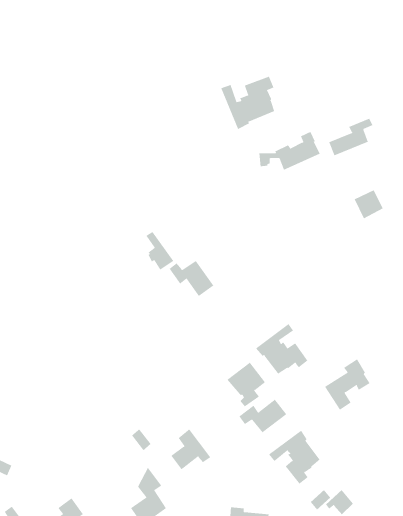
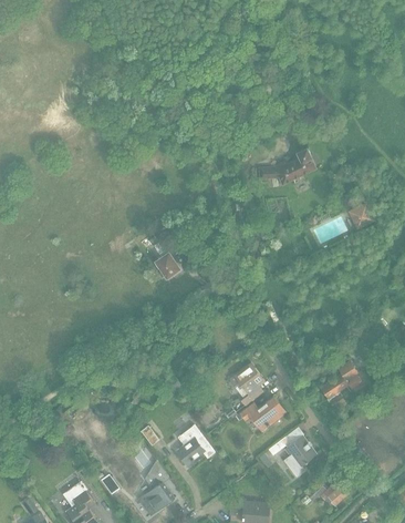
building: [220,76,275,130] -> none
building: [328,118,373,156] -> none
building: [169,260,214,297] -> none
building: [255,323,308,375] -> none

